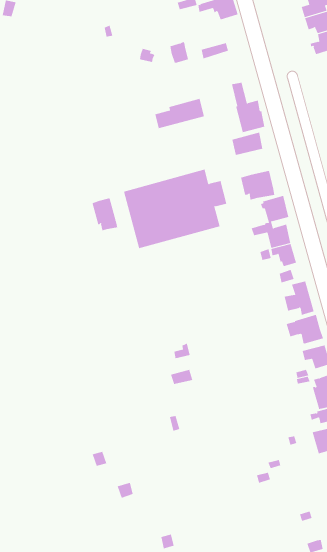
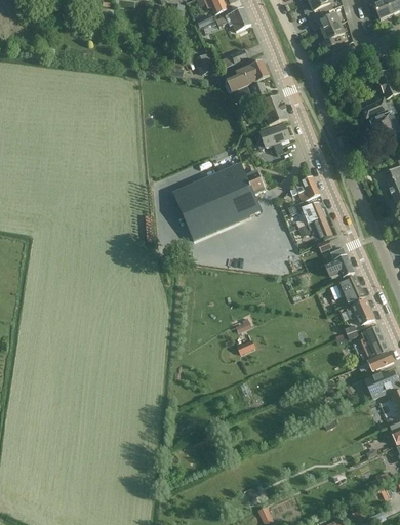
building: [154,98,205,129] -> [225,59,269,91]
building: [241,170,275,201] -> none
building: [92,198,118,231] -> none

